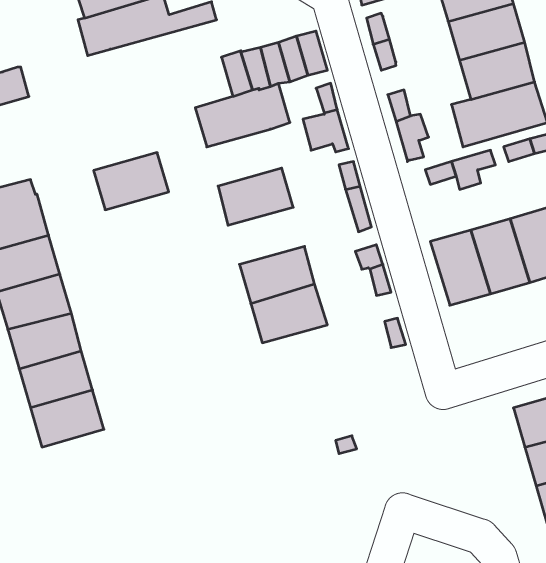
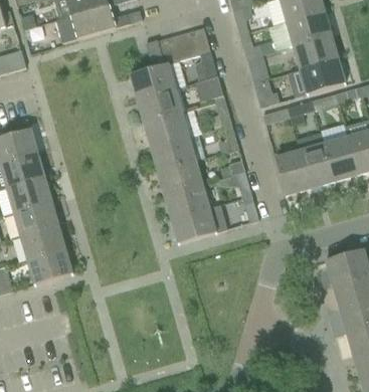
building: [94,153,169,210] -> [136,87,182,123]
building: none -> [149,136,196,171]
building: none -> [170,205,228,244]

